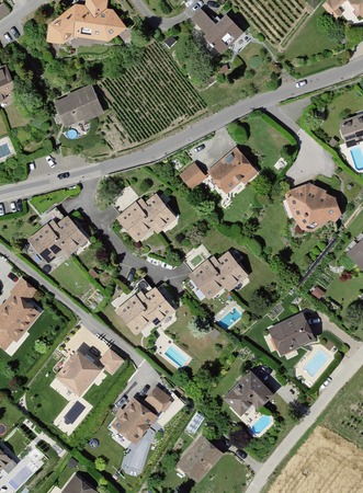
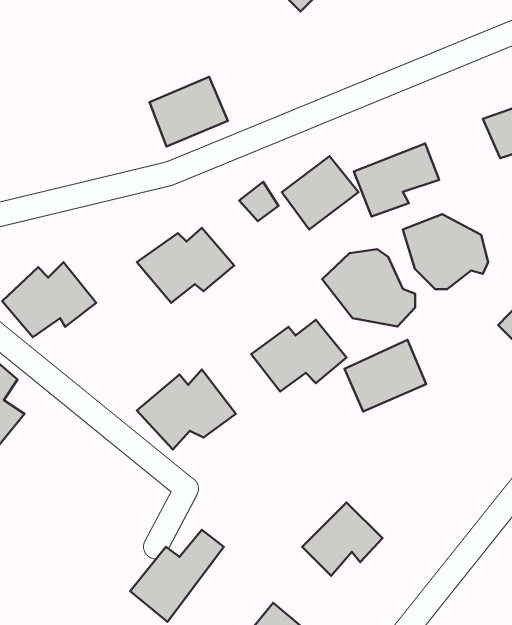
building: [53,84,103,129] -> [149,77,228,147]
building: none -> [354,144,439,216]
building: none -> [322,249,415,327]
building: [262,311,315,357] -> [344,340,426,411]
building: [52,348,124,398] -> none

